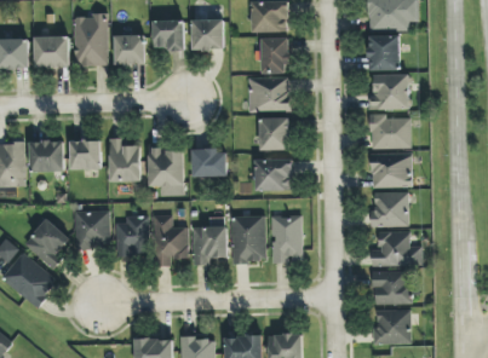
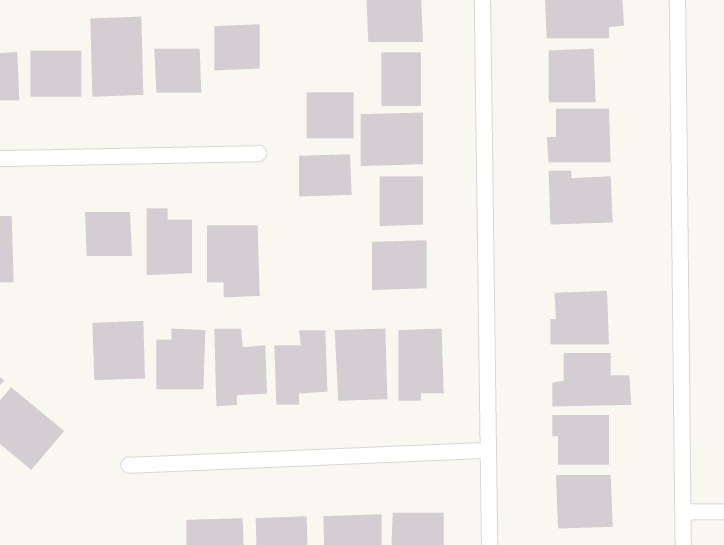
building: [191,19,223,50] -> [306,92,355,139]
building: [29,140,63,172] -> none
building: [191,149,226,177] -> [298,154,353,197]
building: [369,152,412,187] -> none
building: [23,218,69,270] -> none

